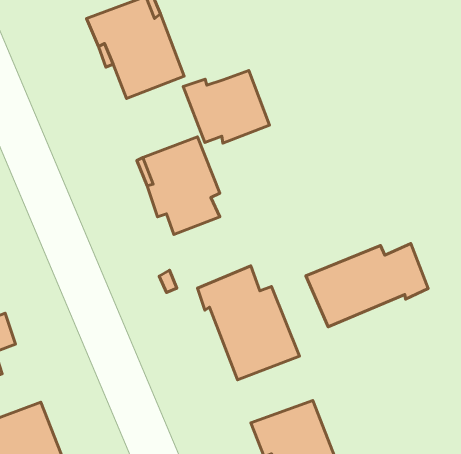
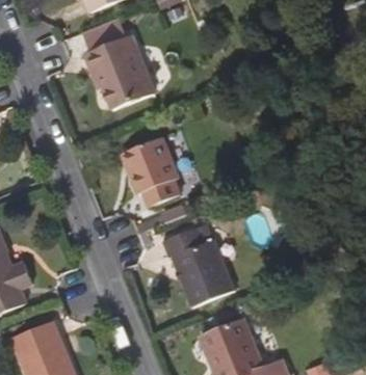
building: [183,70,270,143] -> none
building: [306,244,428,327] -> none

